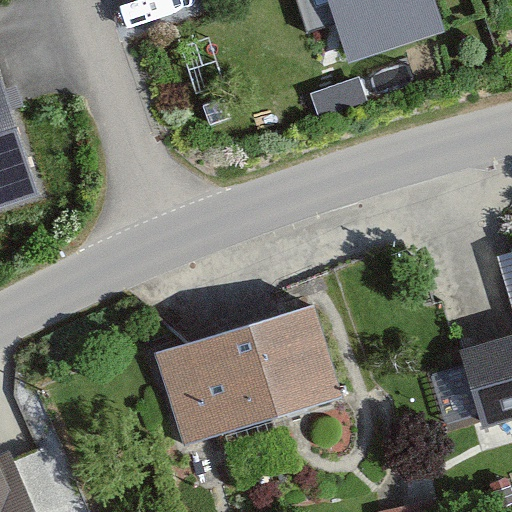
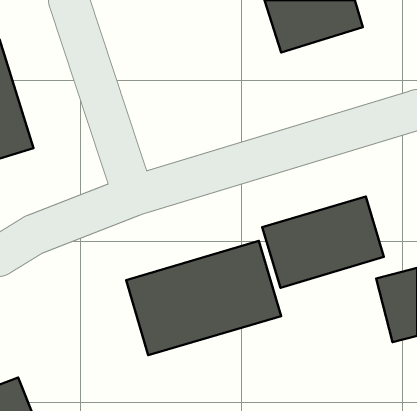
building: none -> [262,196,384,288]

